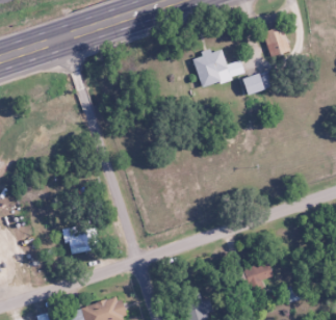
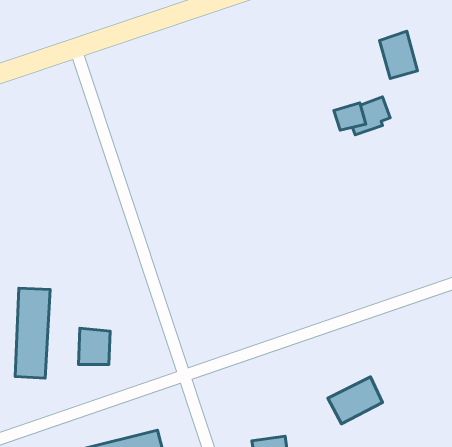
building: [200,46,256,88] -> none
building: none -> [15,288,50,378]

